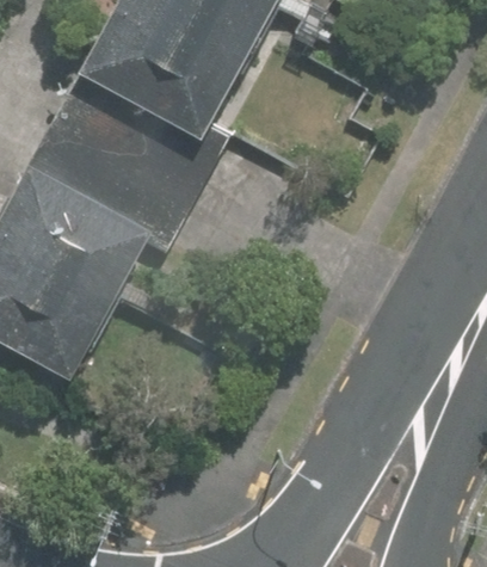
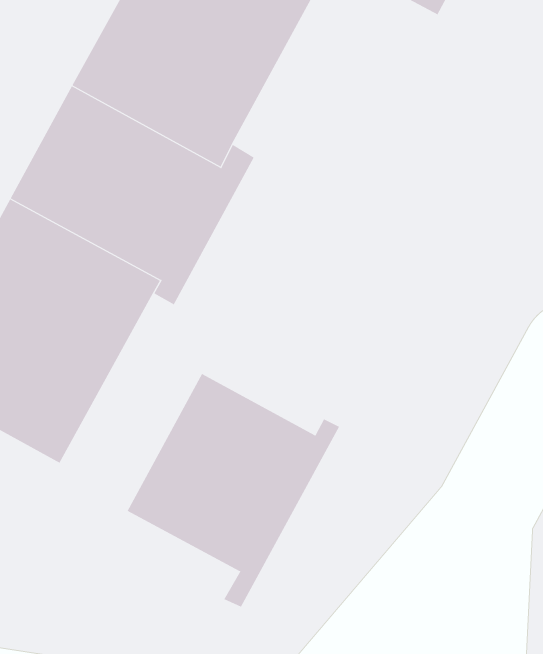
building: none -> [127,373,340,608]

